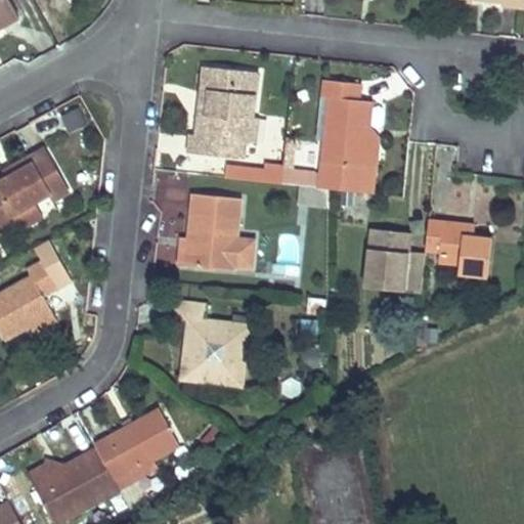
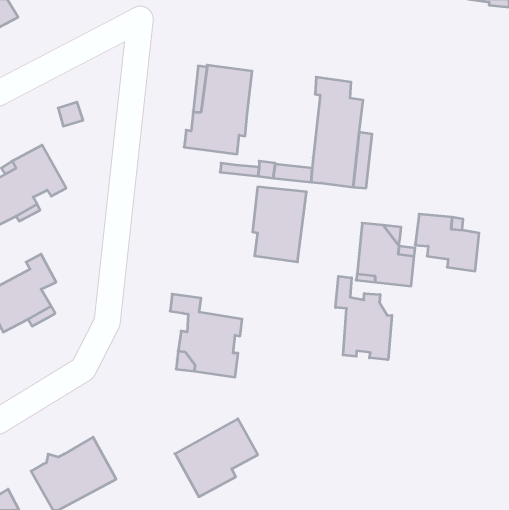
building: [186,193,242,270] -> [253,187,307,262]
building: none -> [336,276,392,360]
building: [93,408,178,488] -> [175,419,258,497]

